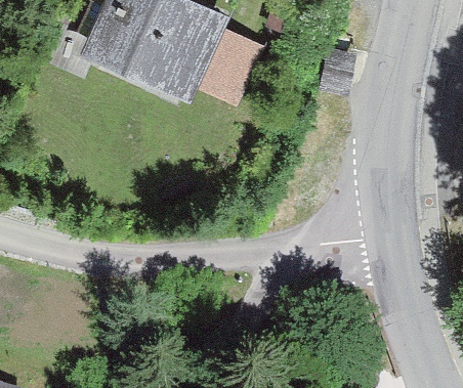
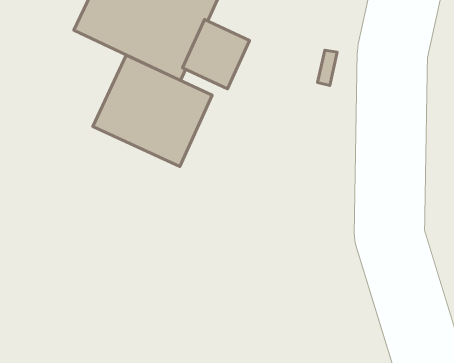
building: none -> [93,55,212,166]

